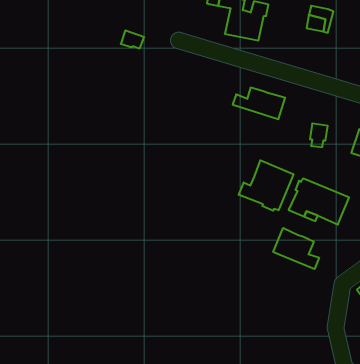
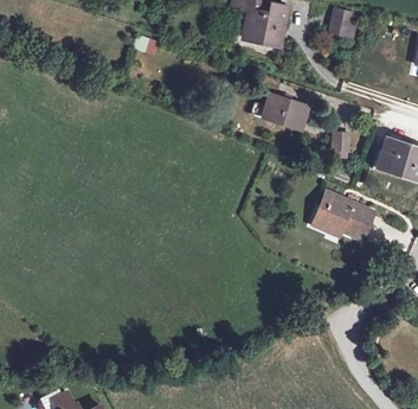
building: [239,160,293,211] -> none
building: [273,228,319,269] -> none

